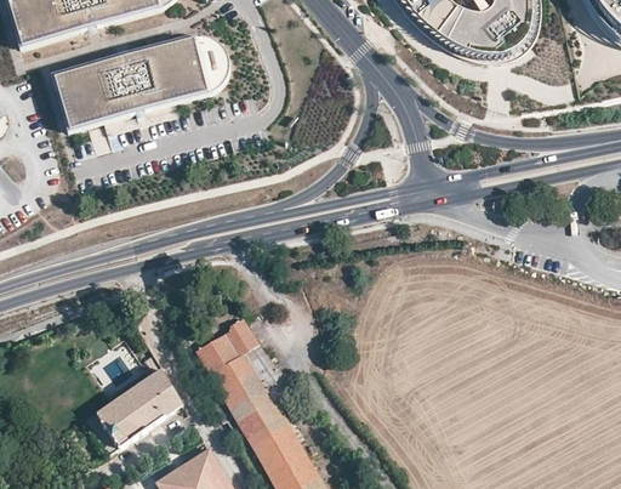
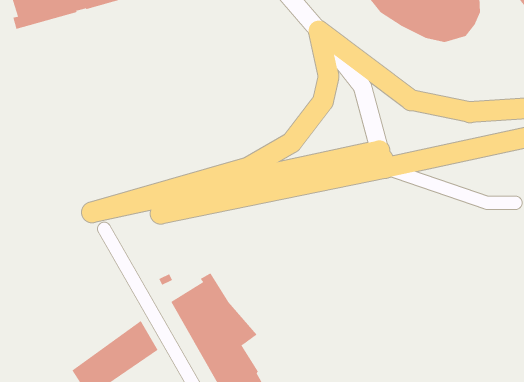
building: [53,33,229,130] -> none

